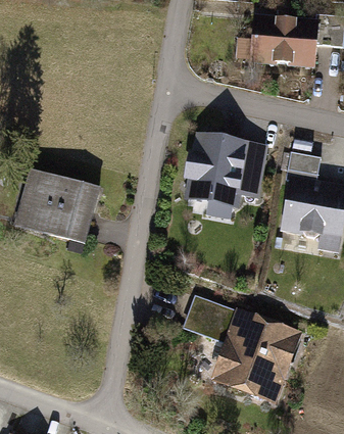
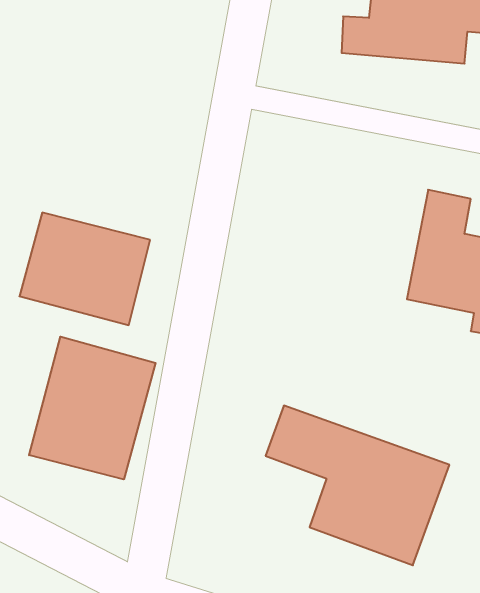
building: [186,138,268,219] -> none
building: none -> [29,337,156,479]

